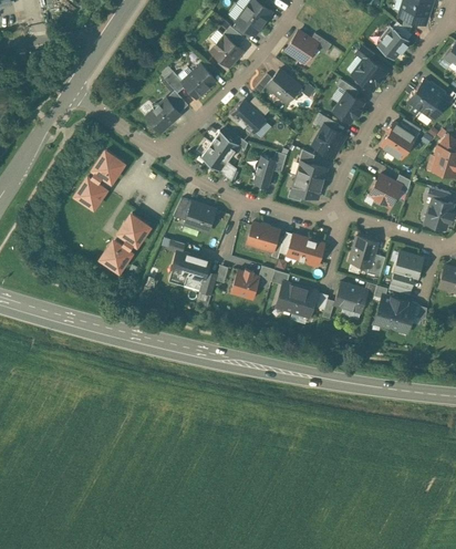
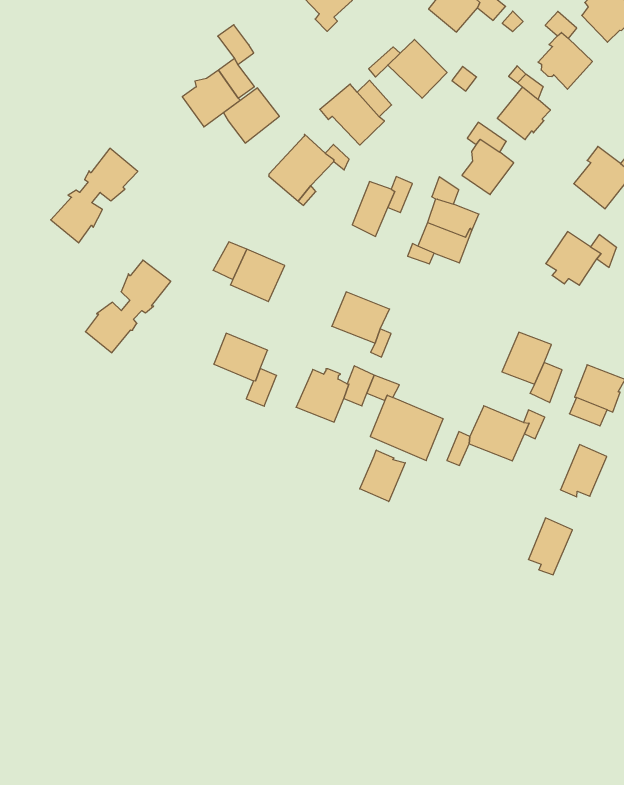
building: [183,65,216,99] -> [223,88,279,143]
building: [288,236,324,267] -> none
building: [375,294,400,328] -> [528,518,572,575]
building: none -> [360,450,405,502]

